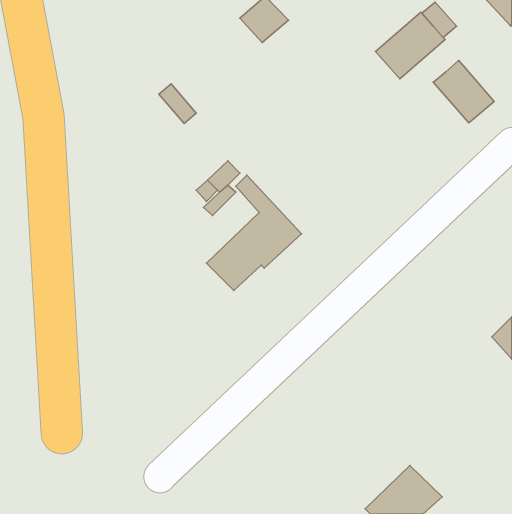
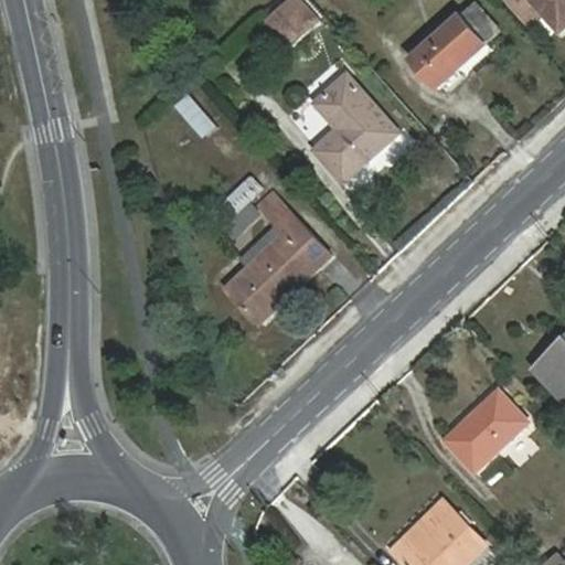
building: [433,61,494,123] -> none
building: none -> [313,73,398,180]
building: none -> [444,388,525,470]

